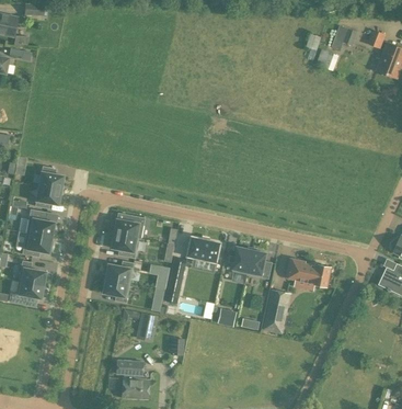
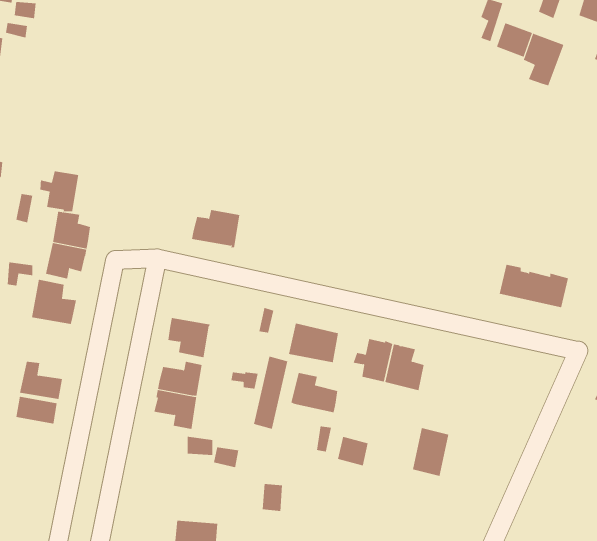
building: none -> [523,33,564,86]
building: none -> [40,170,79,212]
building: [113,214,143,238] -> [191,209,240,248]
building: [22,234,51,259] -> none
building: [287,258,331,285] -> [499,264,569,308]
building: none -> [291,372,338,413]

